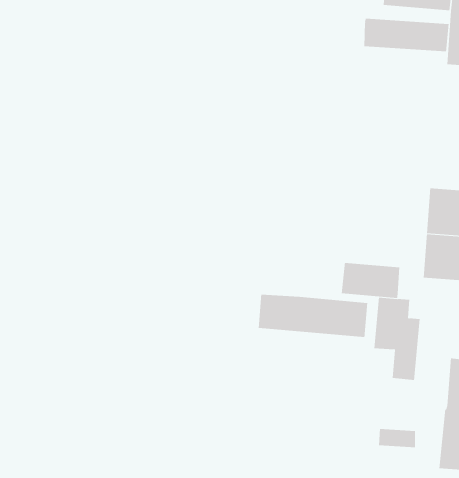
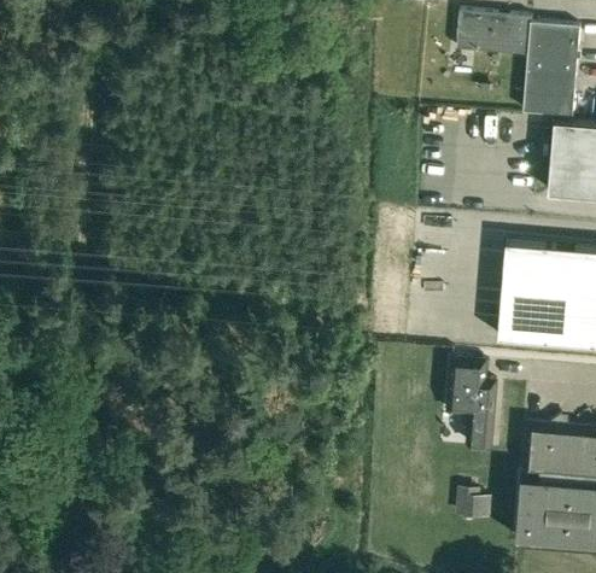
building: [364,18,449,52] -> none
building: [341,262,400,299] -> none
building: [258,294,368,338] -> none

